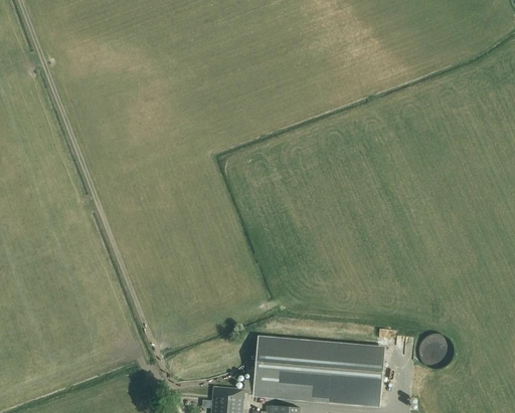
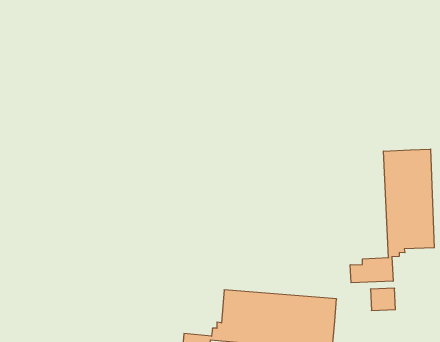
building: none -> [350,149,434,283]

